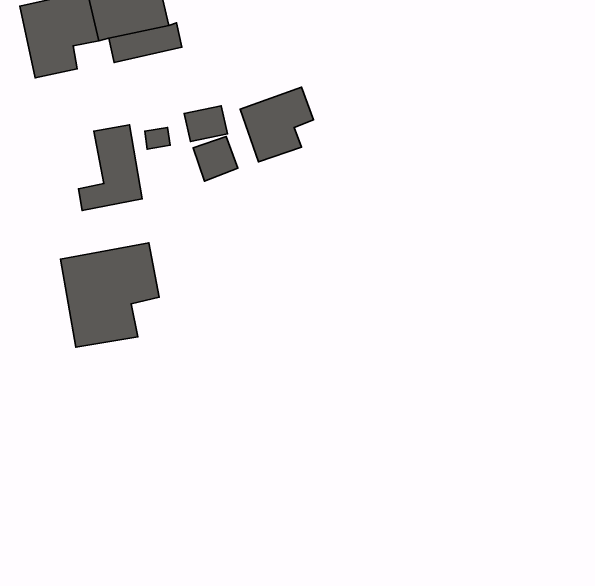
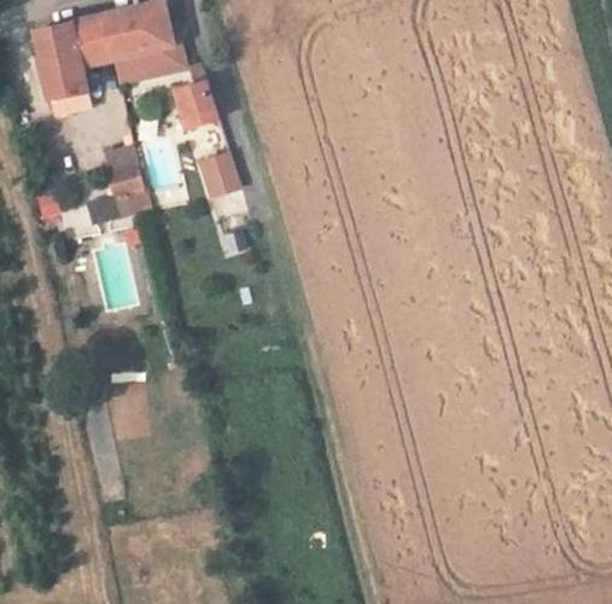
building: none -> [169,85,214,130]
building: [240,87,313,162] -> none
building: [61,243,159,347] -> none

